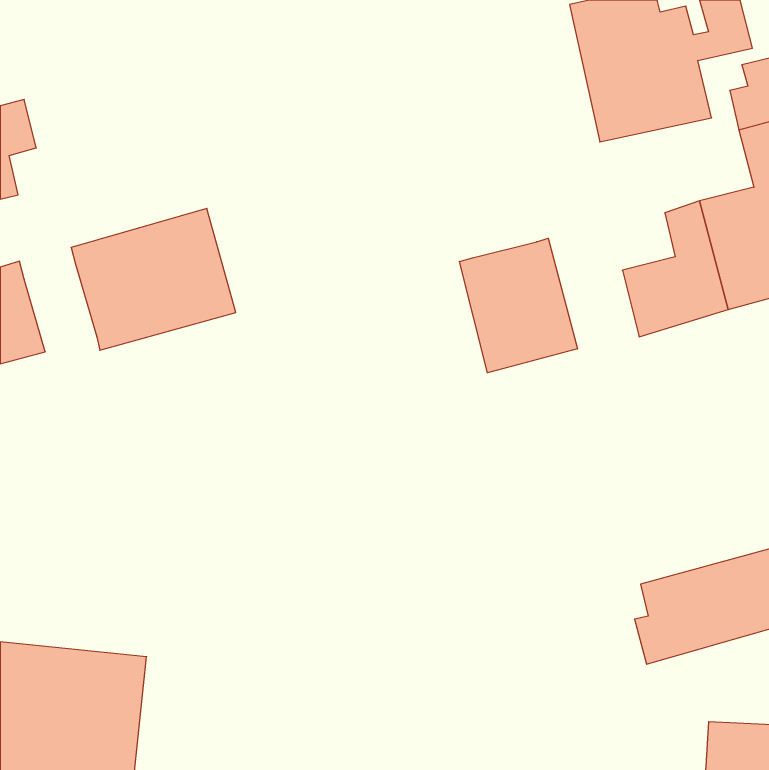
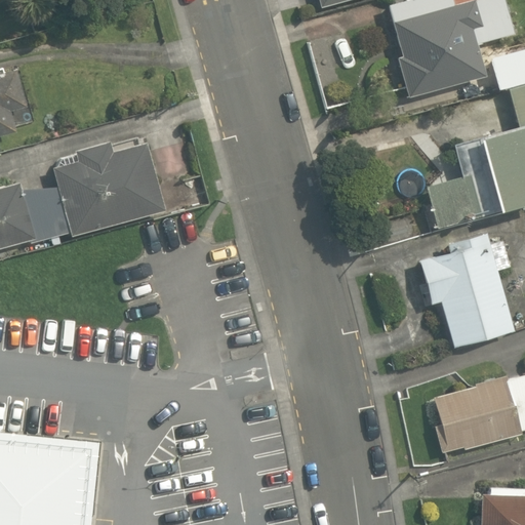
building: [459,238,577,373] -> none
building: none -> [18,180,68,240]
building: none -> [417,225,512,341]

